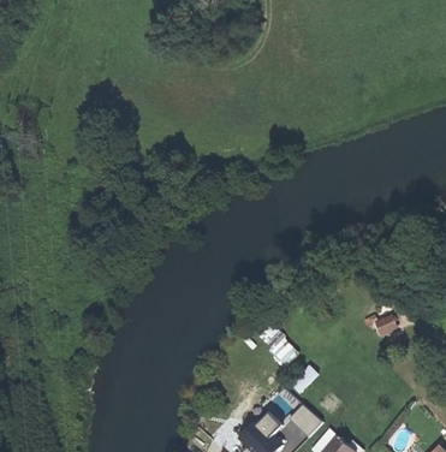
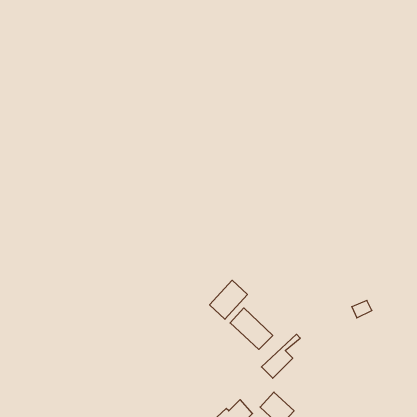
building: none -> [210,280,247,319]

